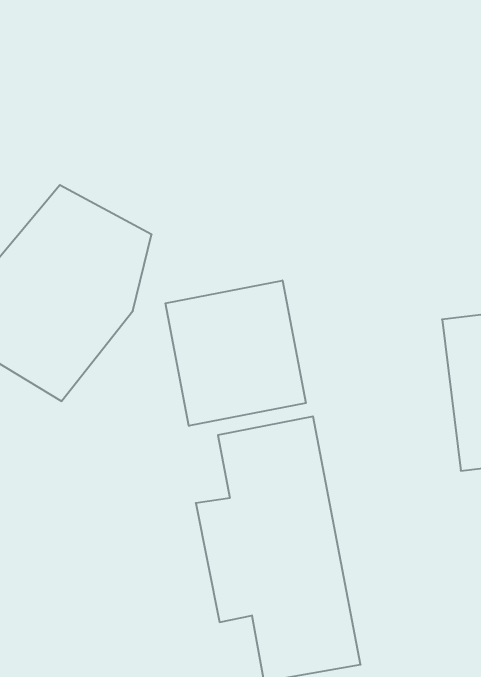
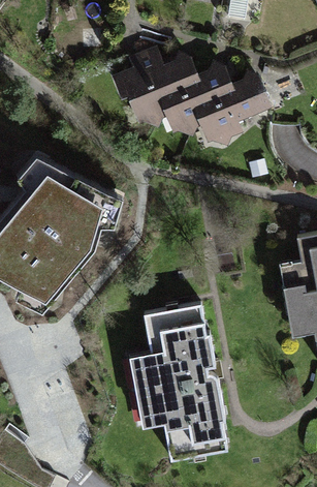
building: none -> [115,58,268,148]
building: [165,280,306,426] -> none

